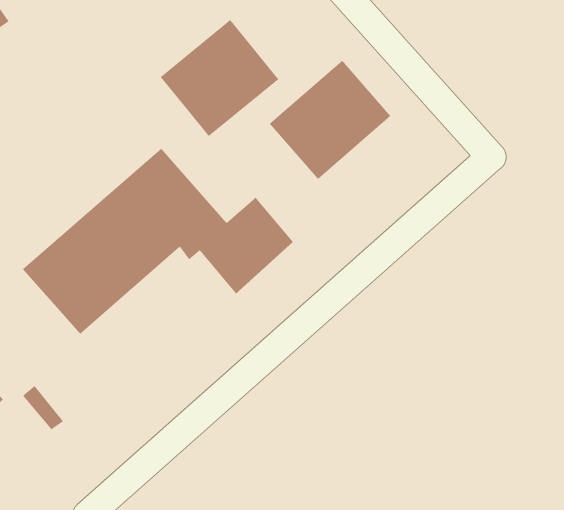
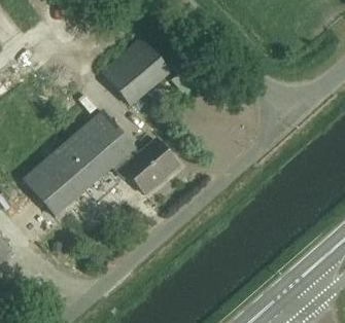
building: [269,60,391,180] -> none

